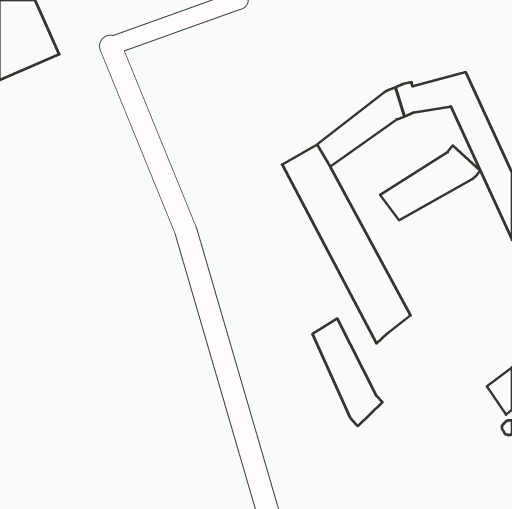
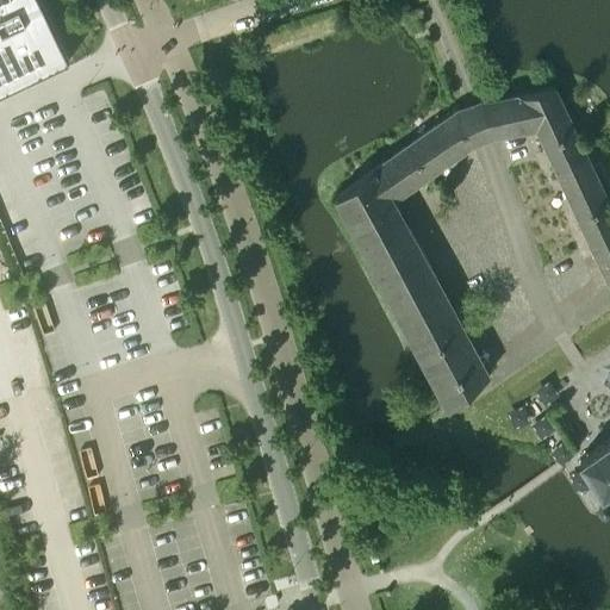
building: [380,146,480,220] -> none
building: [313,319,382,426] -> none

